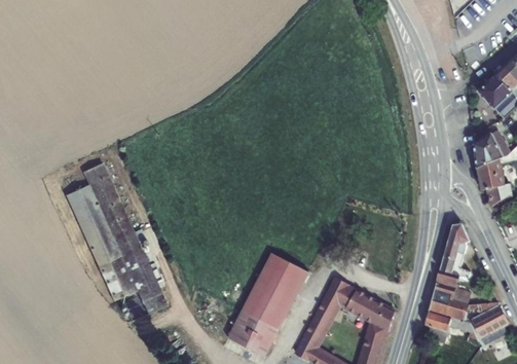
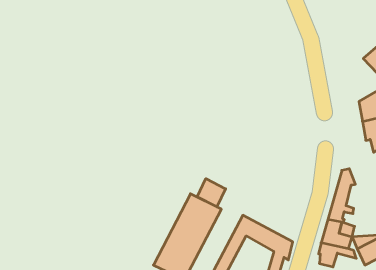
building: [67,163,167,314] -> none
building: none -> [197,179,226,207]

